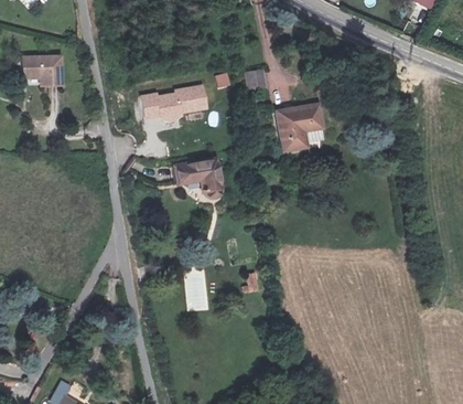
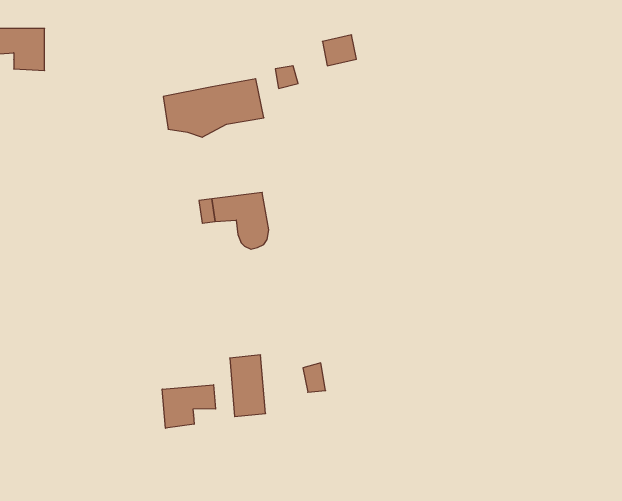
building: [281,108,327,155] -> none
building: none -> [162,385,216,428]

